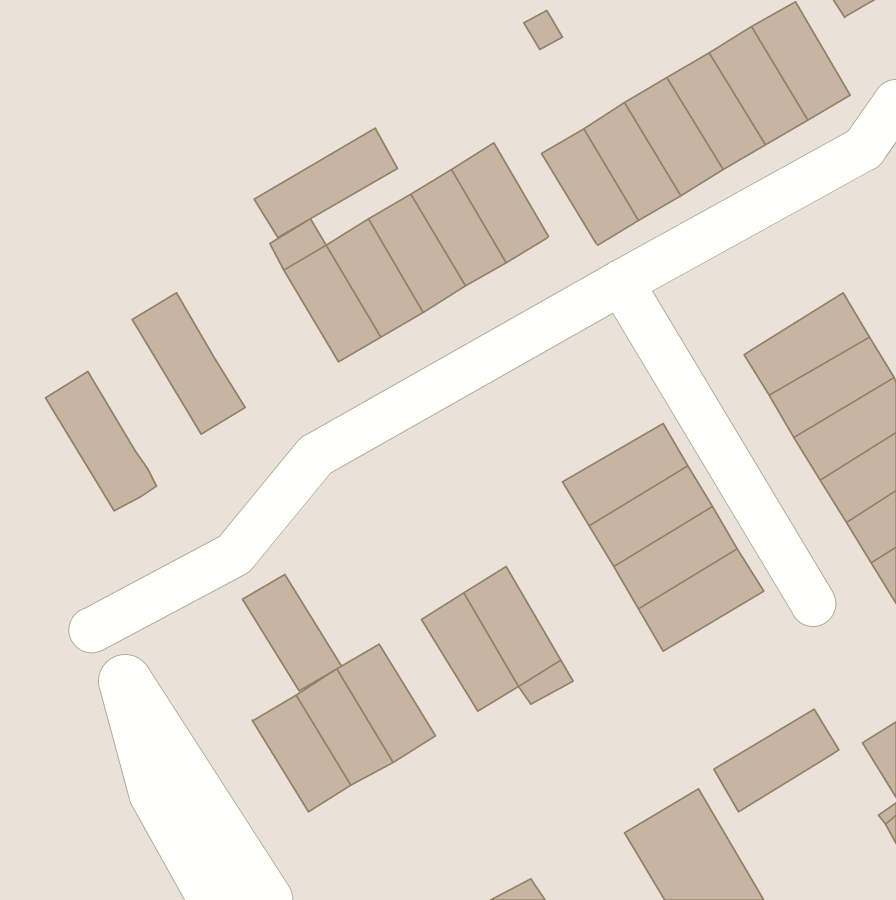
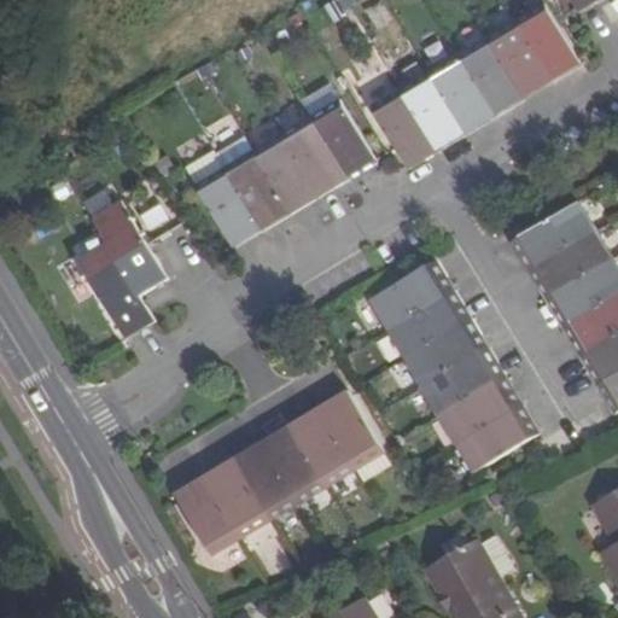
building: [254,128,398,238] -> none
building: [45,372,156,511] -> [76,243,152,338]
building: none -> [367,260,454,330]
building: [243,574,341,691] -> [260,424,327,503]
building: [714,709,839,812] -> [454,404,540,474]

